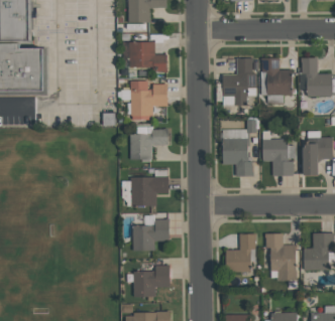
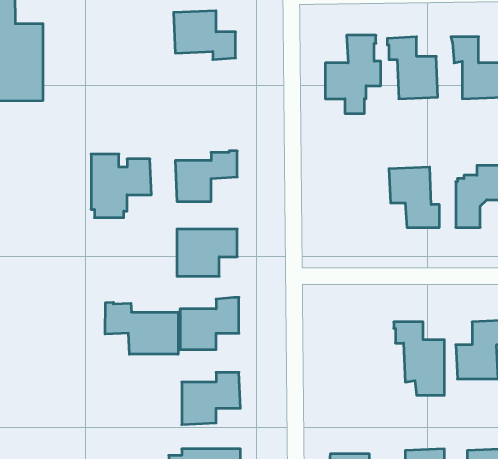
building: [130,81,167,120] -> [91,154,151,218]
building: [222,138,252,175] -> none
building: none -> [105,302,178,354]
building: [225,232,256,272] -> none

